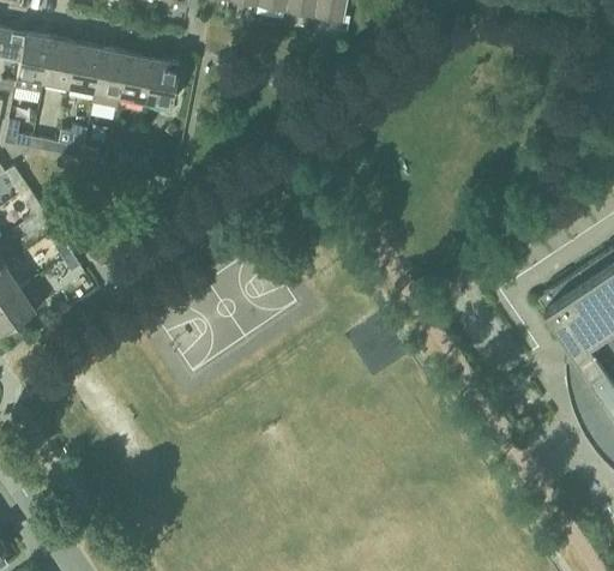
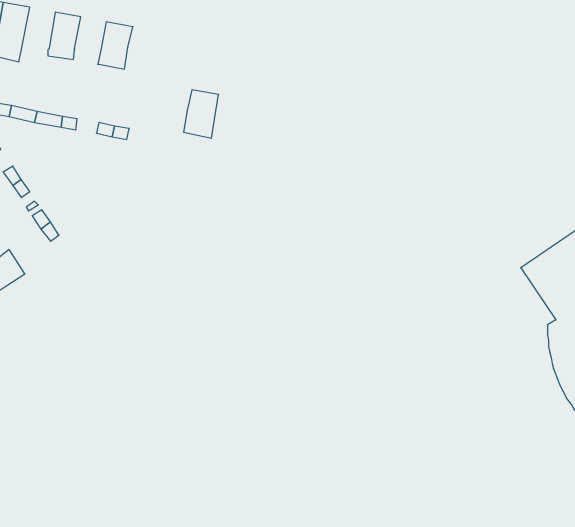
building: [43,38,77,86] -> none
building: [92,48,127,107] -> none
building: [145,58,180,106] -> [183,90,219,138]

